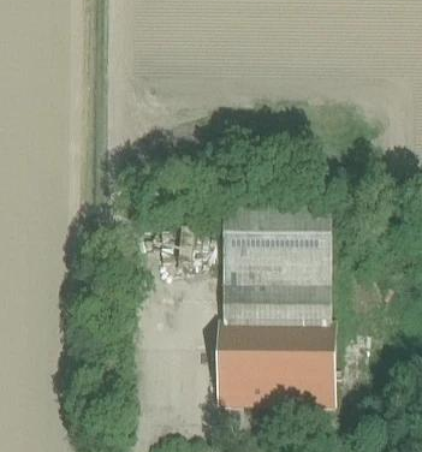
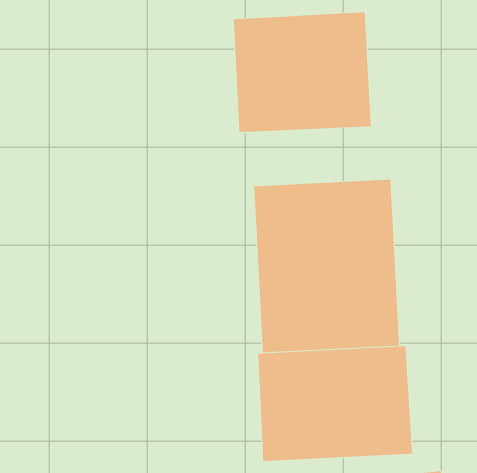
building: none -> [233,12,371,133]

